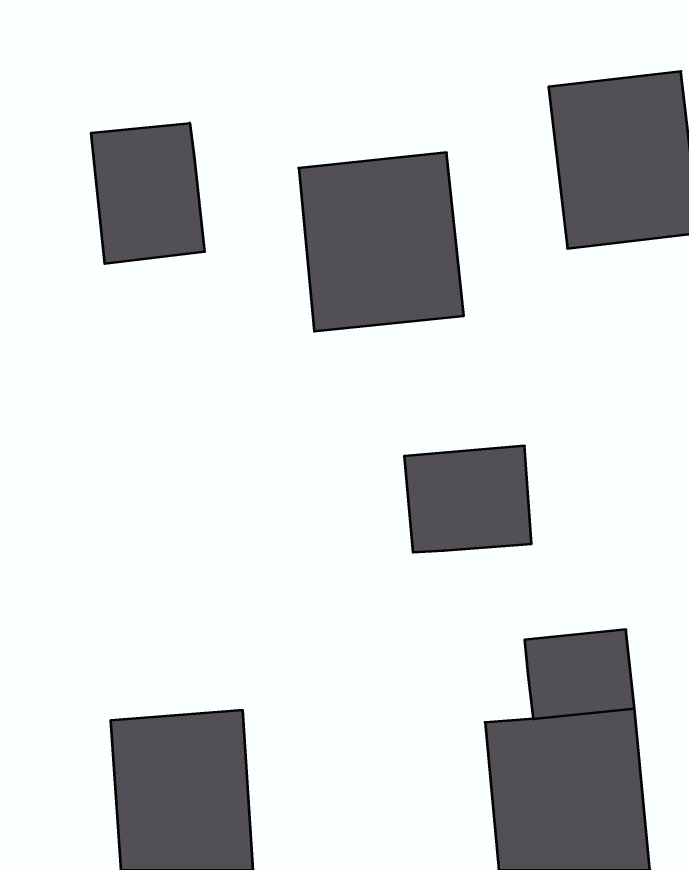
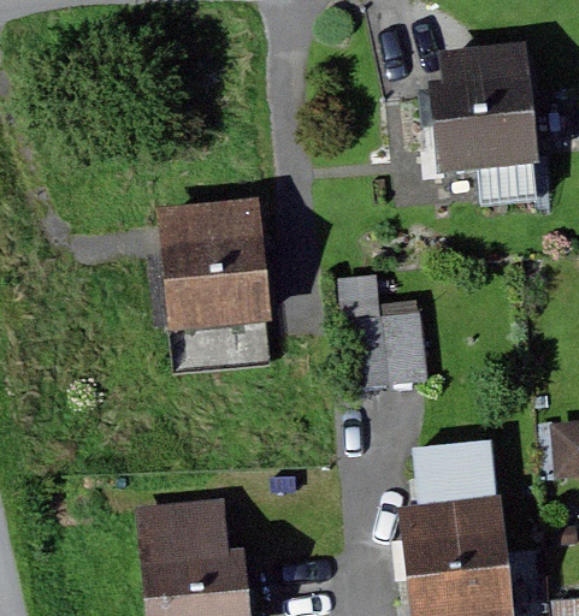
building: [91,123,205,264] -> none
building: [299,153,464,331] -> [160,207,276,332]

